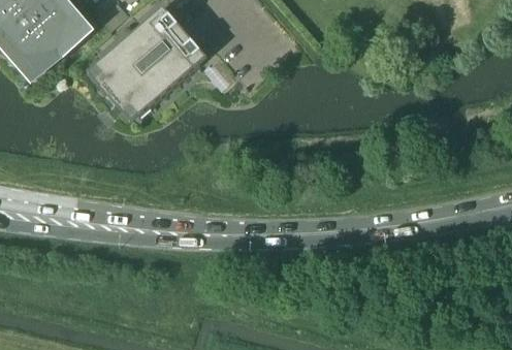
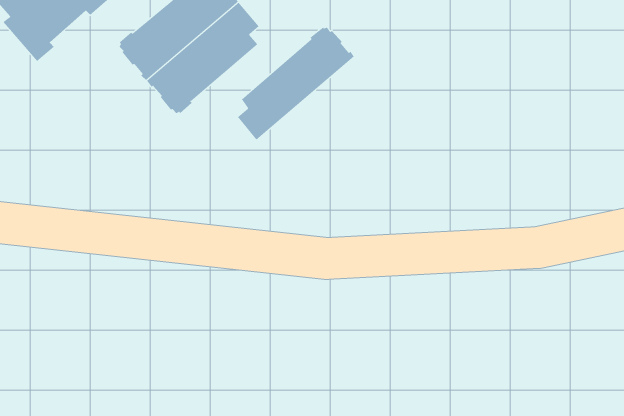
building: none -> [237,26,355,140]

